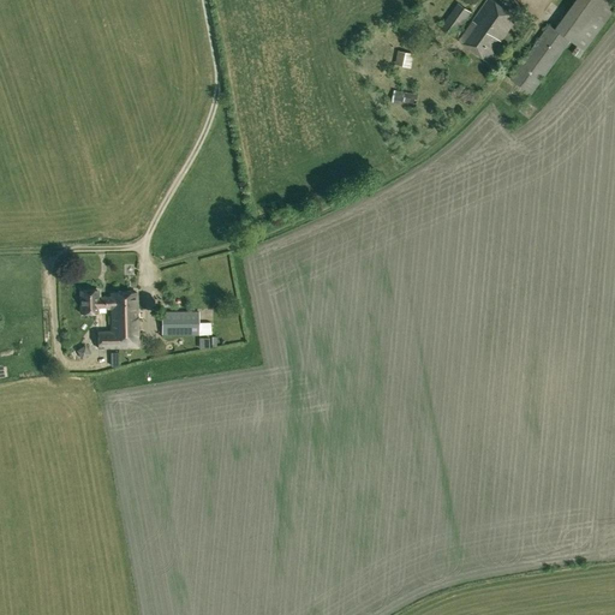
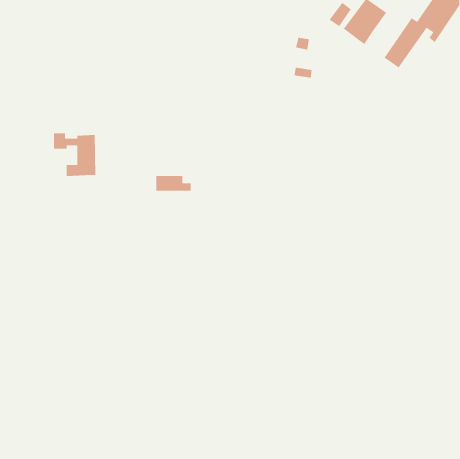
building: [80,288,138,347] -> [53,132,96,177]
building: [162,311,210,333] -> [155,175,191,191]

